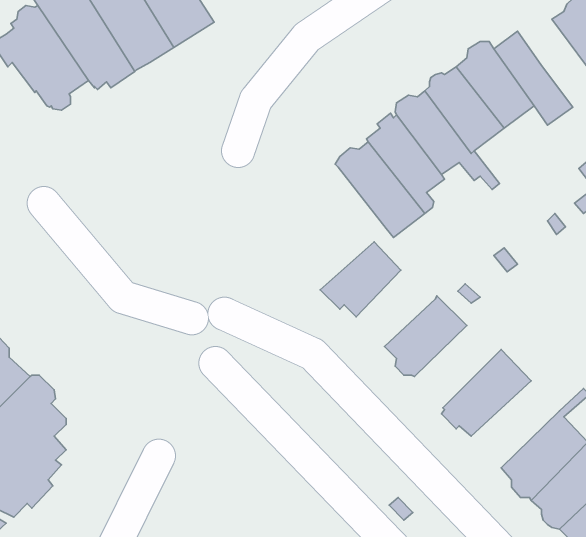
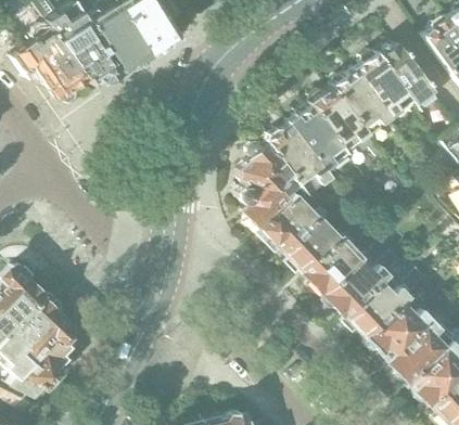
building: none -> [240,141,304,230]
building: none -> [282,206,340,272]
building: none -> [324,250,409,315]
building: none -> [366,296,430,359]

